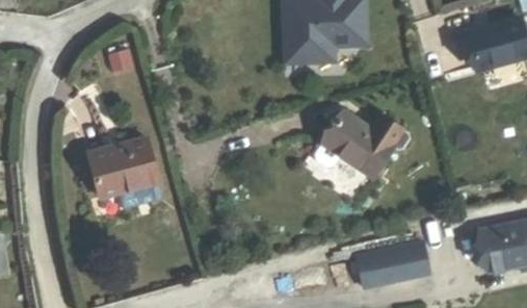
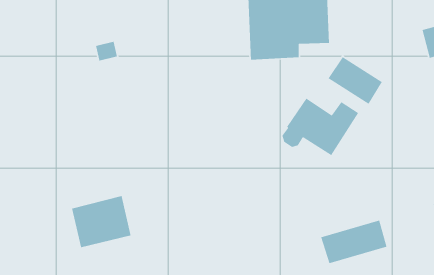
building: none -> [328,56,383,105]
building: [91,134,158,192] -> [71,195,132,248]

